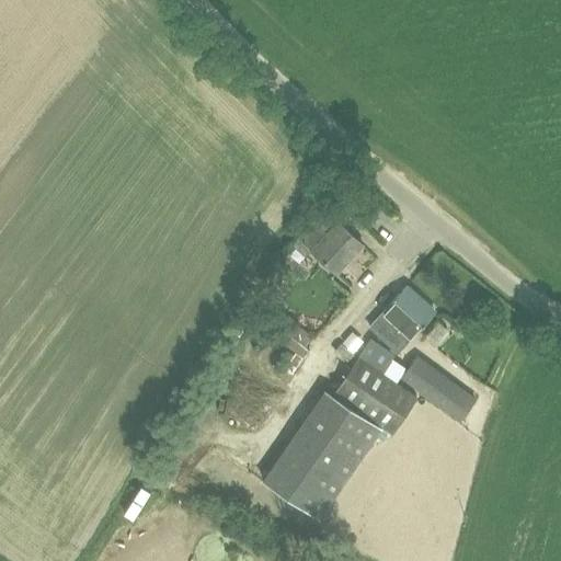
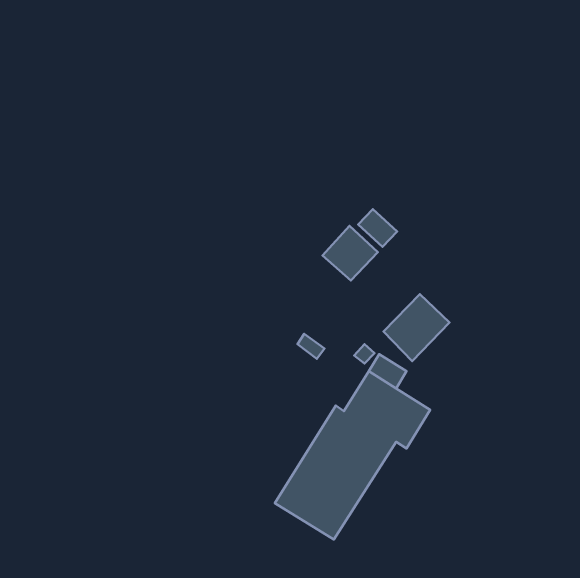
building: none -> [358,209,397,247]
building: [402,358,474,421] -> none

